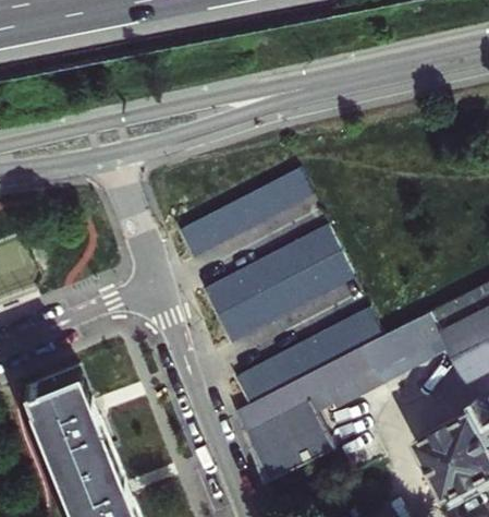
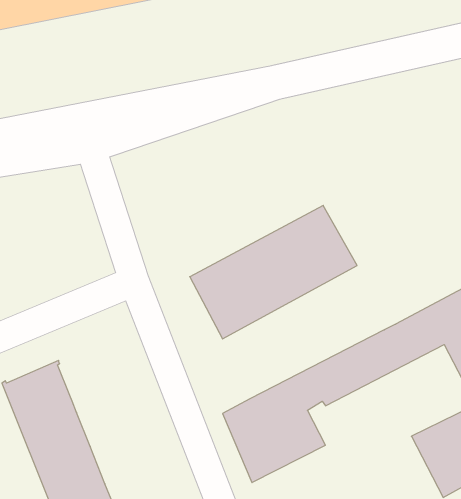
building: [174,163,318,261] -> none
building: [245,306,390,404] -> none

